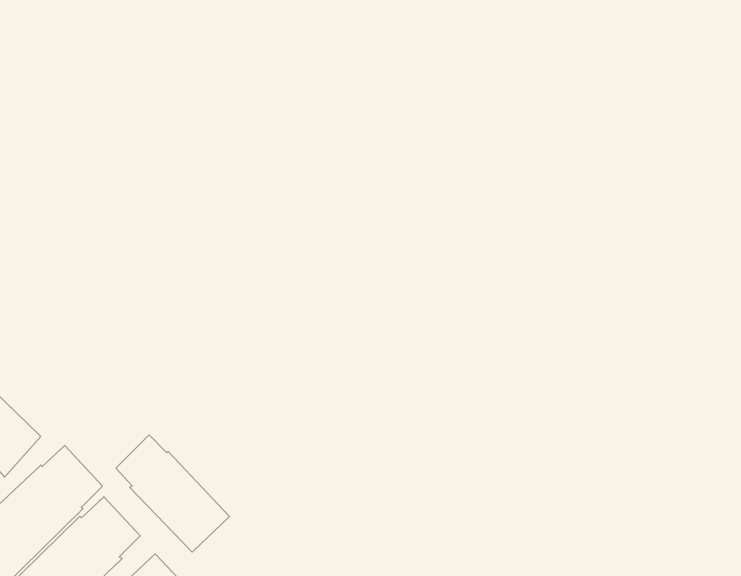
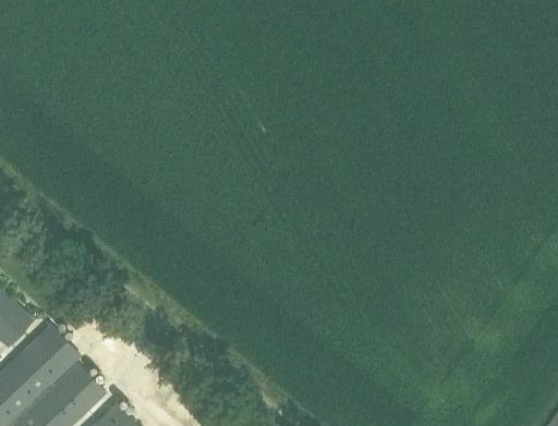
building: [116,435,229,552] -> none

